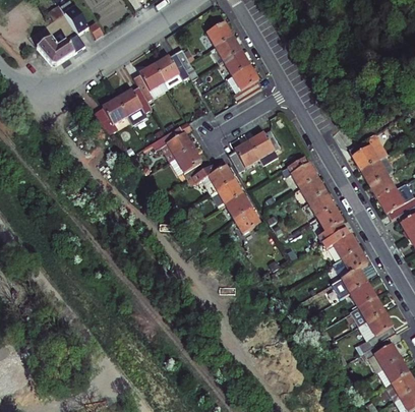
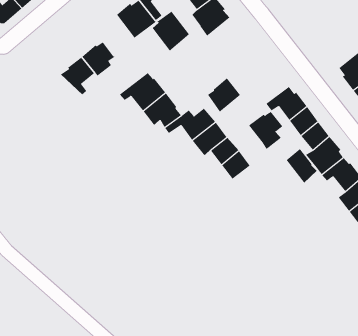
building: [135,69,169,106] -> [152,11,190,52]
building: [248,129,280,164] -> [248,111,283,150]
building: none -> [286,148,317,183]

